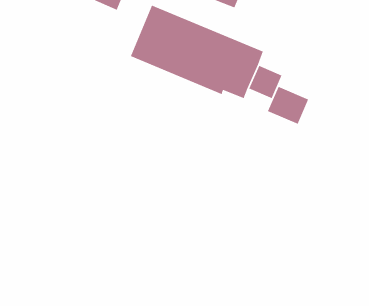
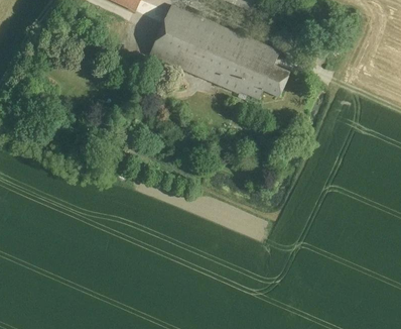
building: [267,86,309,125] -> none

